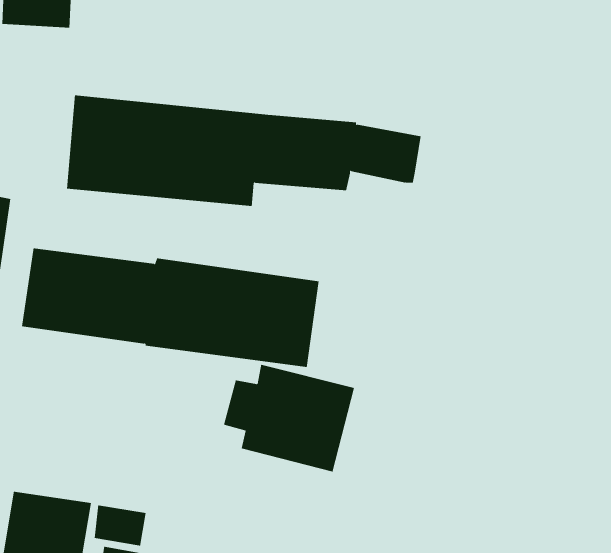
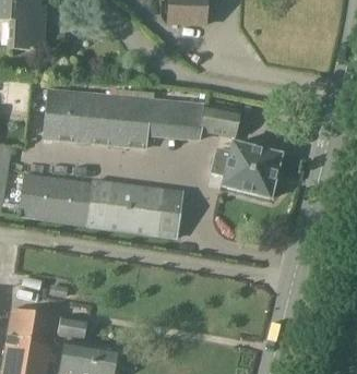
building: [223,364,355,472] -> [210,140,283,200]

